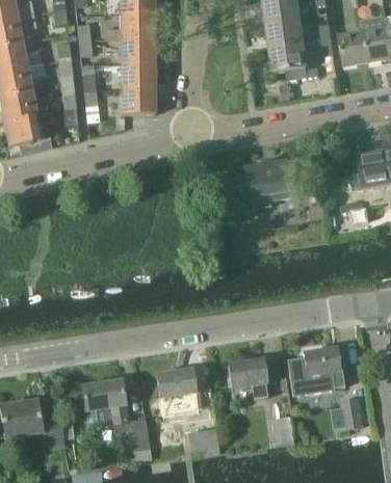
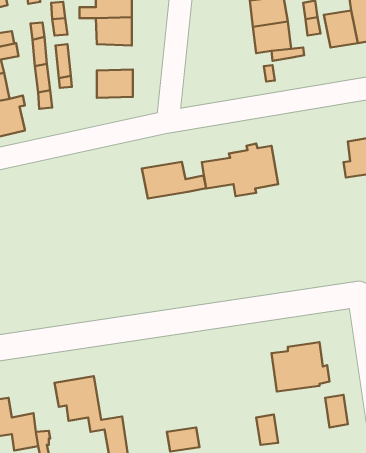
building: [122,63,156,88] -> none
building: none -> [142,162,206,199]
building: [226,357,267,398] -> none
building: [155,368,198,407] -> none

